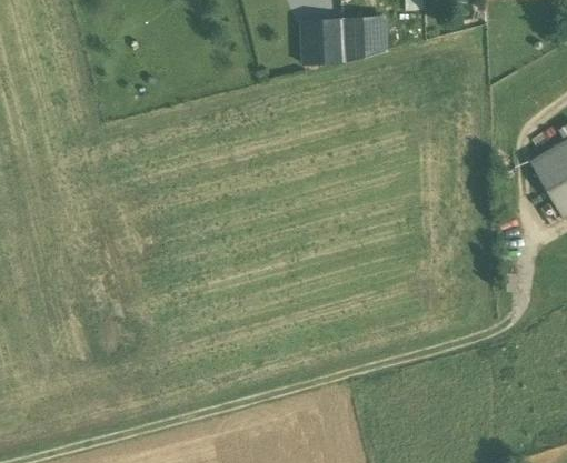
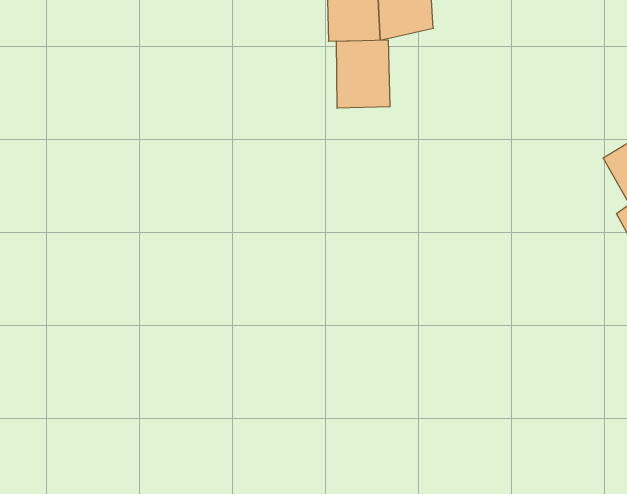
building: none -> [337,40,390,108]

